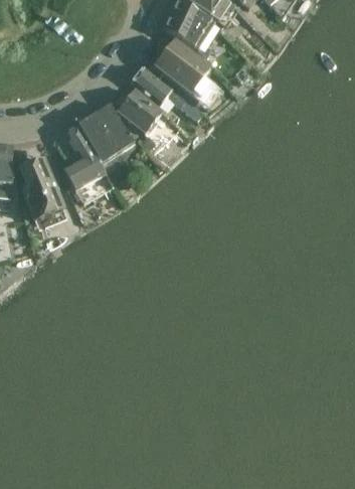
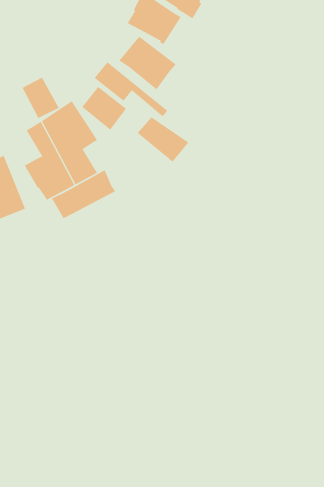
building: none -> [22,77,59,119]
building: none -> [137,116,189,163]
building: none -> [51,170,116,219]

